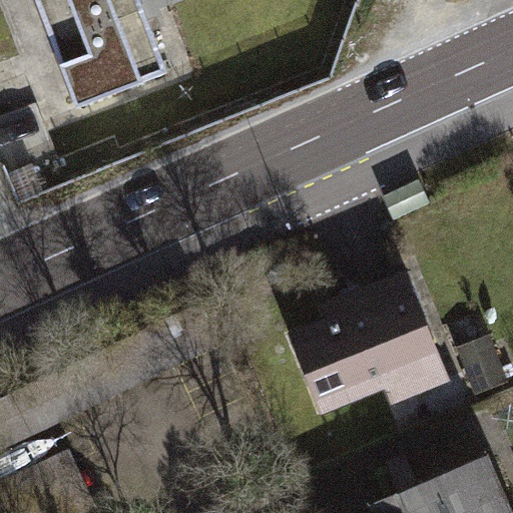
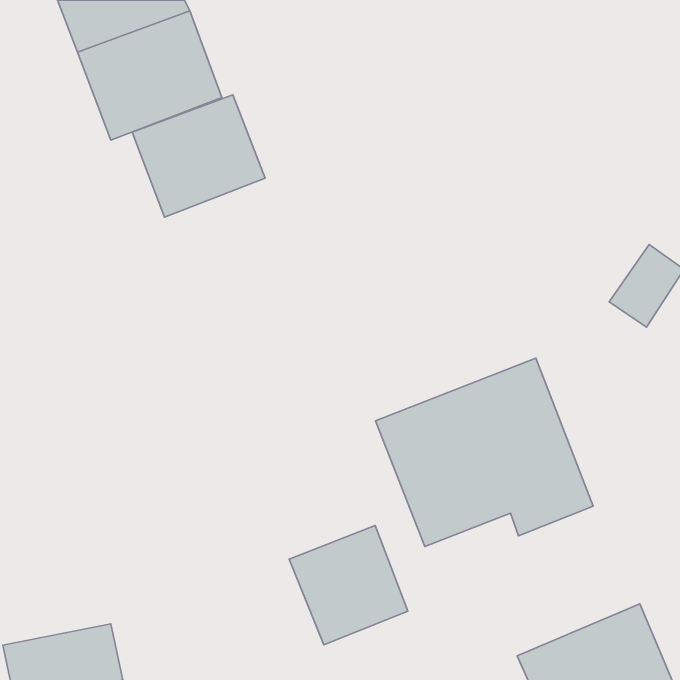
building: none -> [132,95,265,217]
building: none -> [289,526,408,645]

